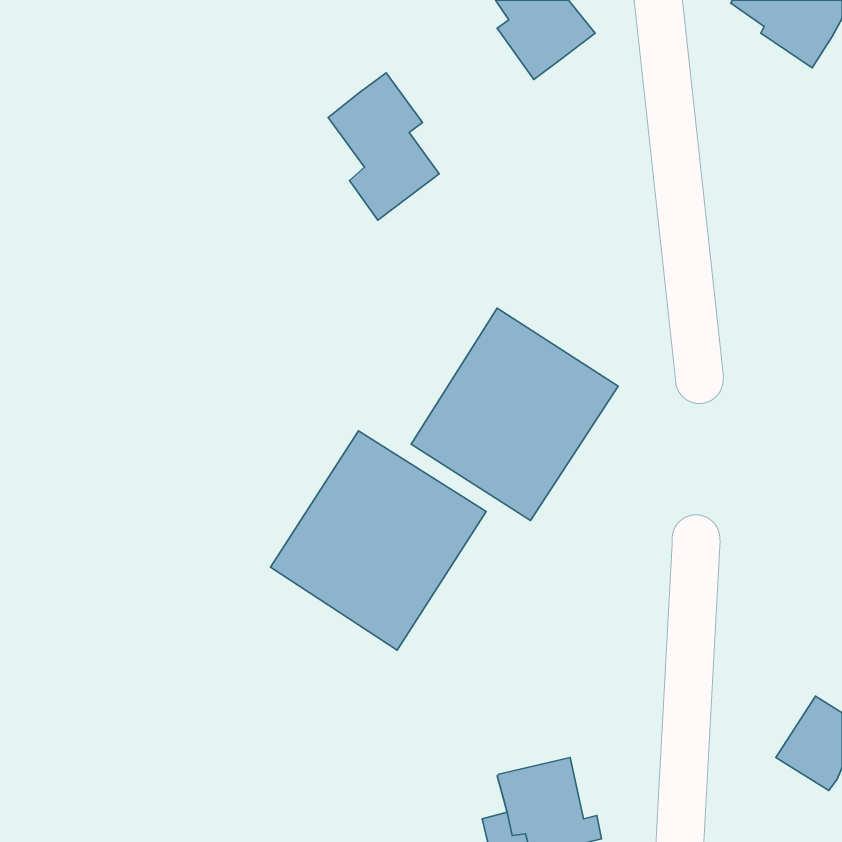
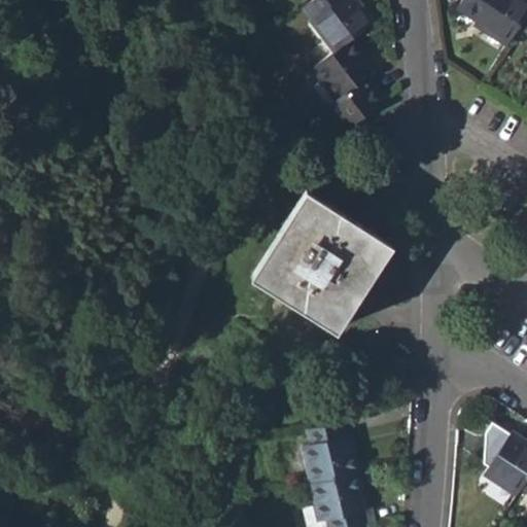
building: [328,73,439,220] -> [312,40,381,132]
building: [270,431,486,650] -> none
building: none -> [300,421,355,484]

